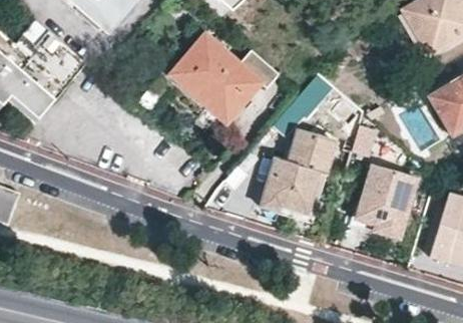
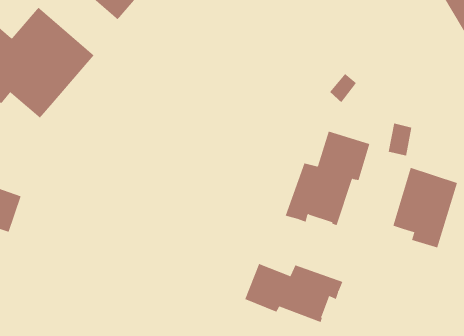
building: [172,35,277,123] -> none
building: none -> [245,263,343,323]

